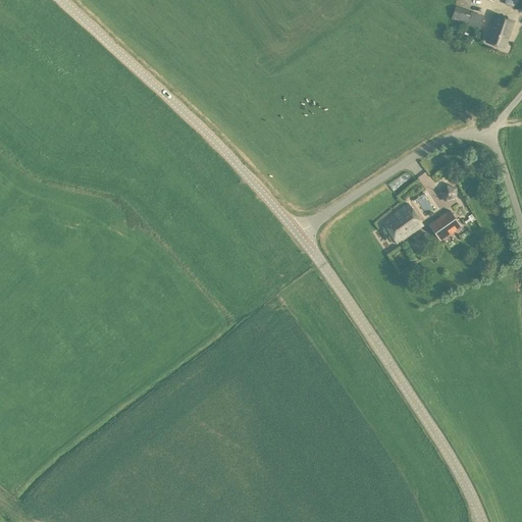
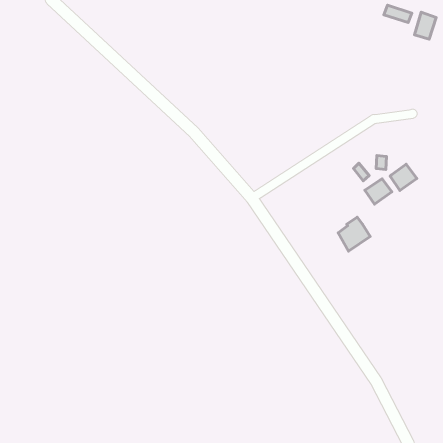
building: none -> [390,164,417,190]
building: [383,203,421,243] -> [338,217,370,251]

